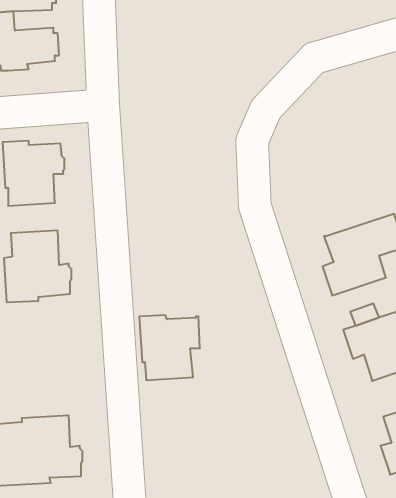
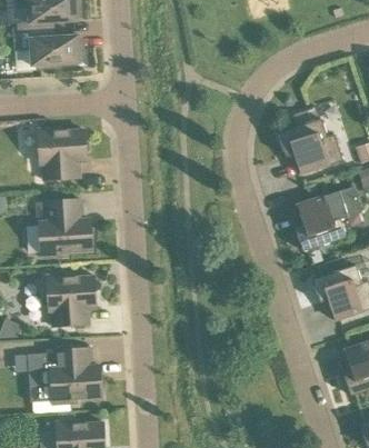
building: none -> [278,106,342,173]
building: [139,315,200,380] -> [46,273,94,326]

